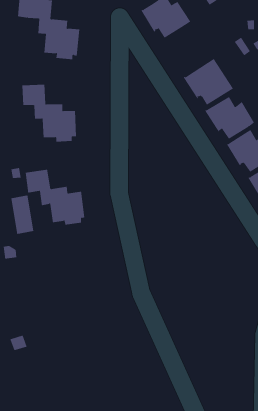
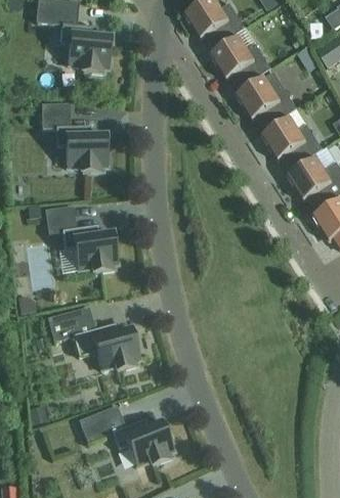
building: none -> [210,36,271,88]
building: none -> [47,306,140,370]
building: none -> [78,404,174,465]

